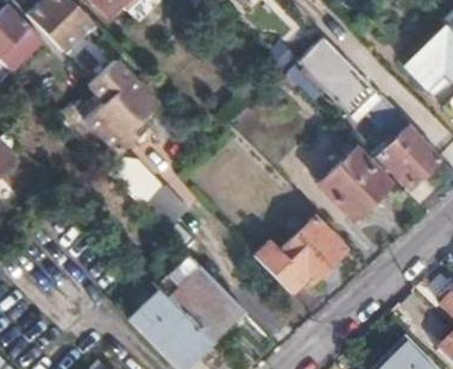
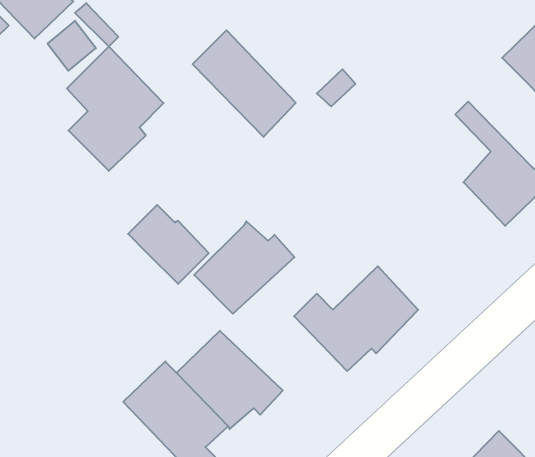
building: [298,37,375,115] -> [193,30,296,137]
building: [315,149,386,218] -> none
building: none -> [194,221,294,314]

